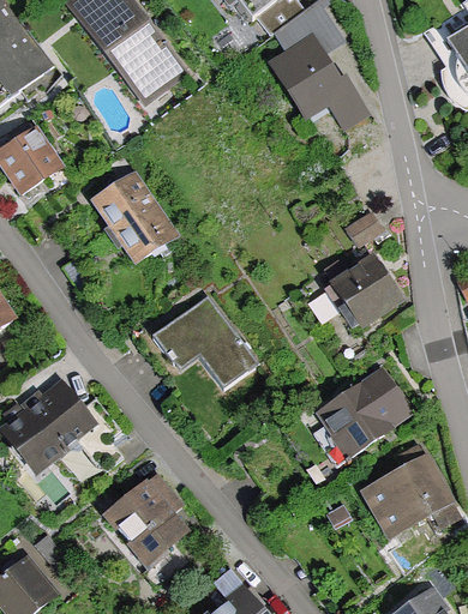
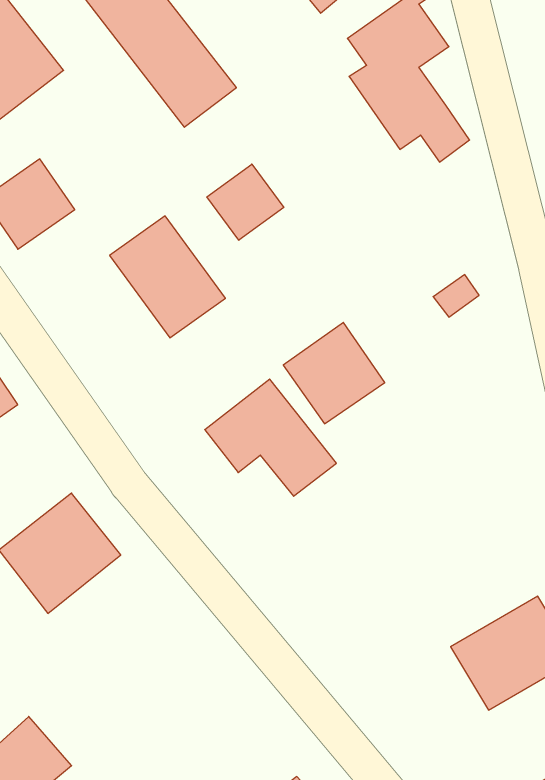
building: none -> [207,164,284,240]
building: [312,264,389,341] -> [283,322,385,424]
building: [310,372,406,459] -> none
building: [113,480,191,560] -> none

